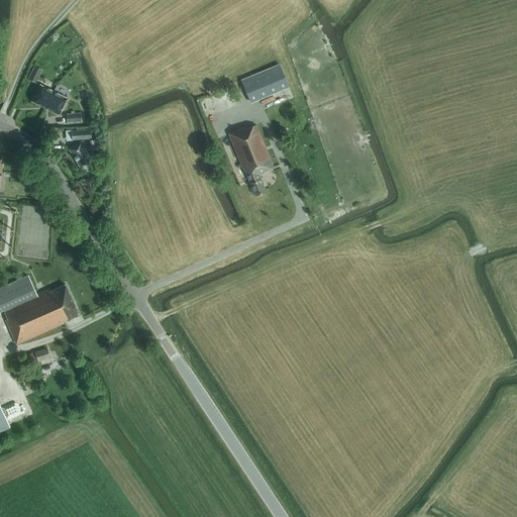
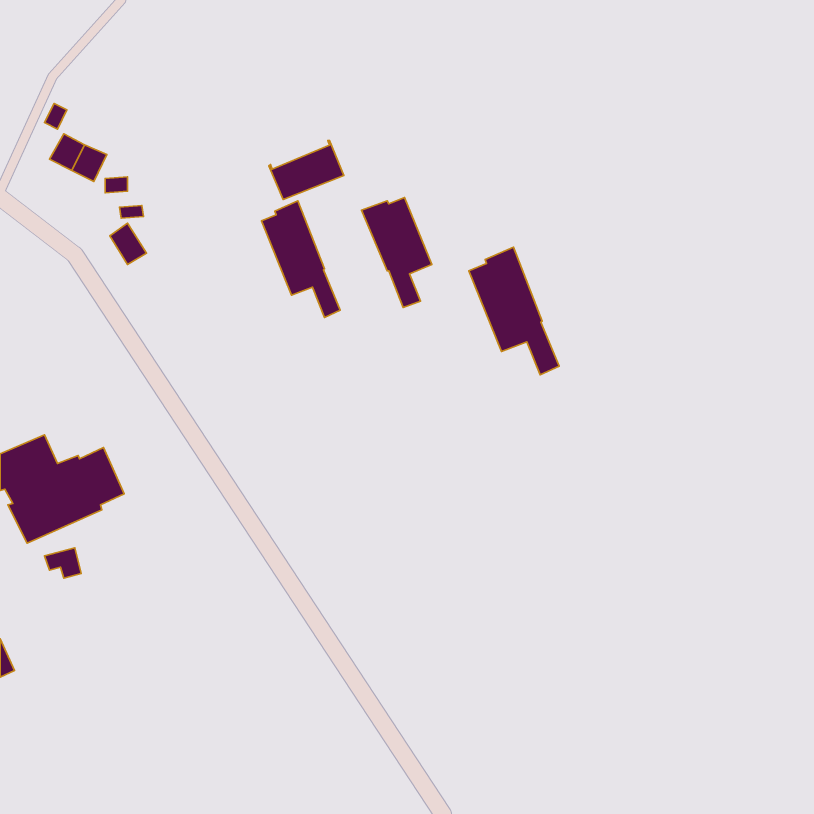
building: [241,65,289,102] -> [269,140,344,199]
building: none -> [262,201,340,317]
building: none -> [469,247,559,375]

